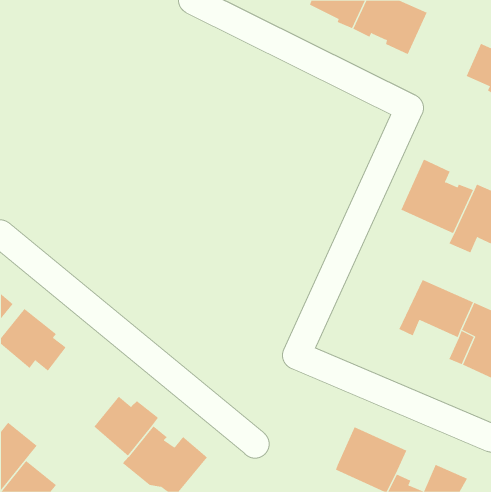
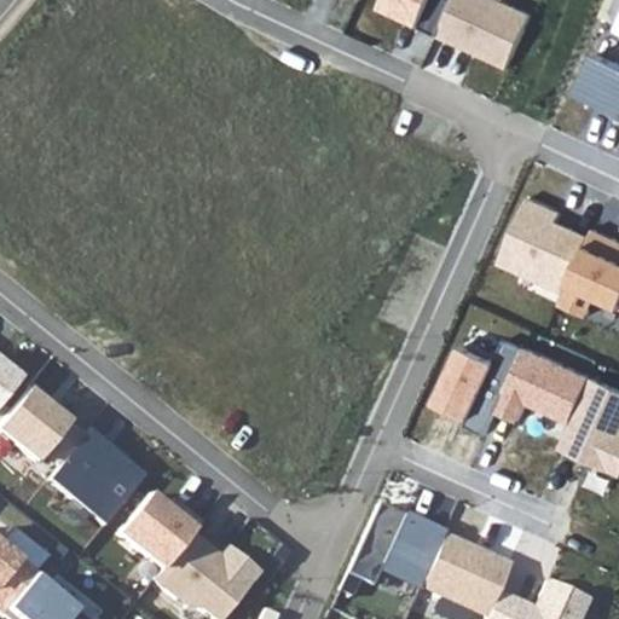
building: none -> [441,342,531,436]
building: none -> [48,433,144,528]
building: none -> [341,505,446,598]

